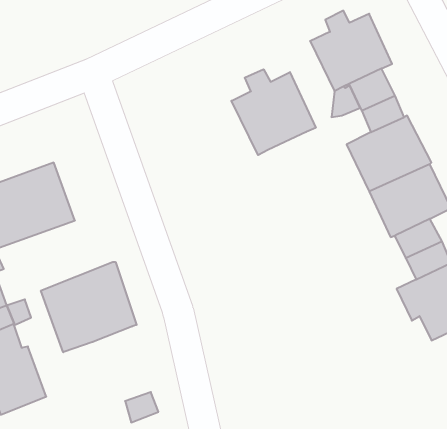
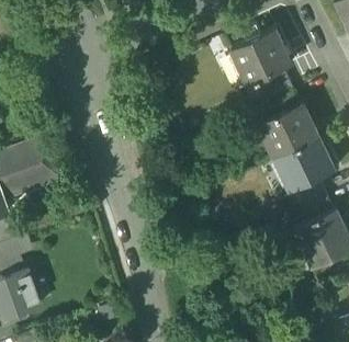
building: [231,69,316,155] -> none
building: [41,262,137,352] -> none

